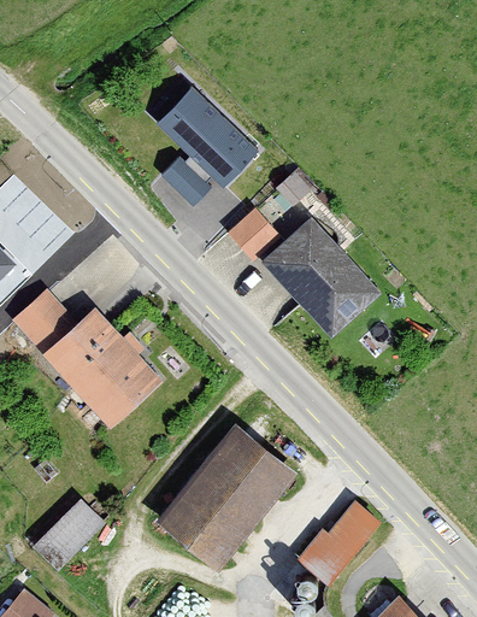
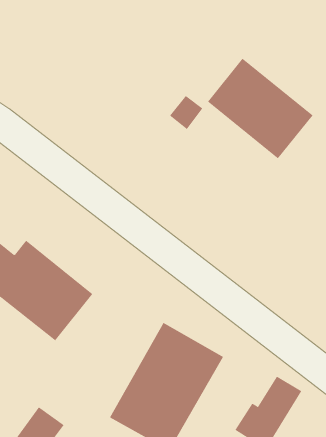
building: [155,84,257,202] -> none
building: [229,210,276,258] -> none
building: [264,218,382,339] -> [207,58,313,159]

